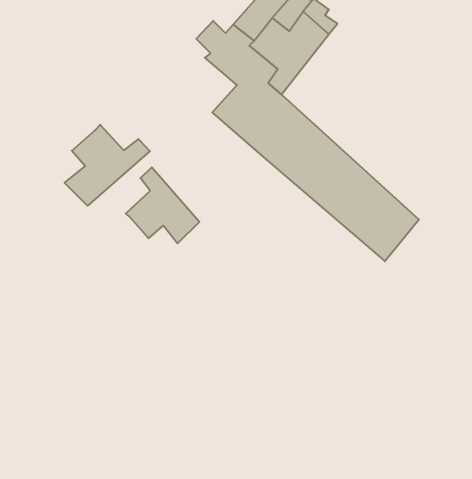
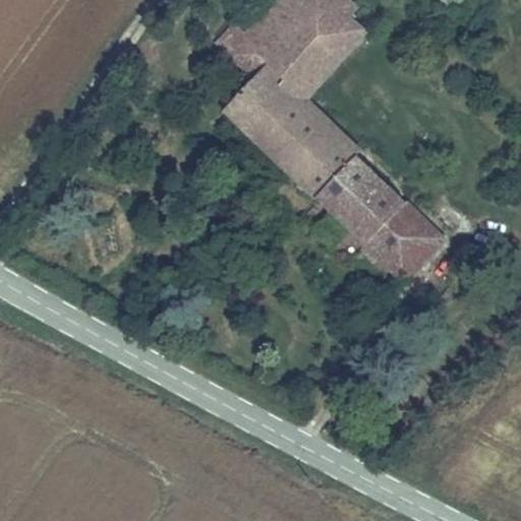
building: [65,125,150,206] -> none
building: [126,167,199,243] -> none

